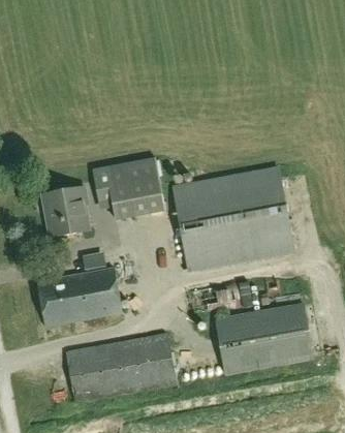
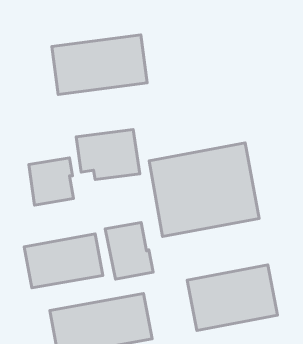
building: none -> [52,35,147,95]
building: none -> [105,223,153,279]

